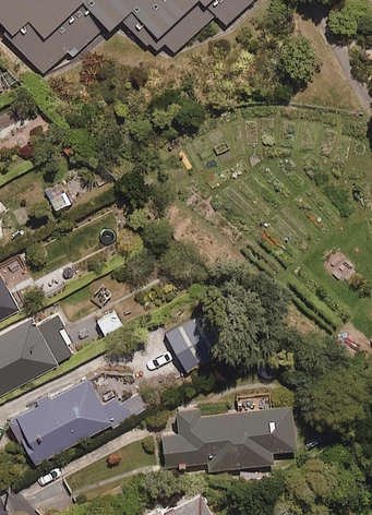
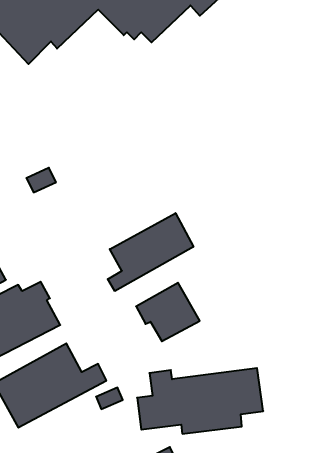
building: none -> [108,213,193,291]

